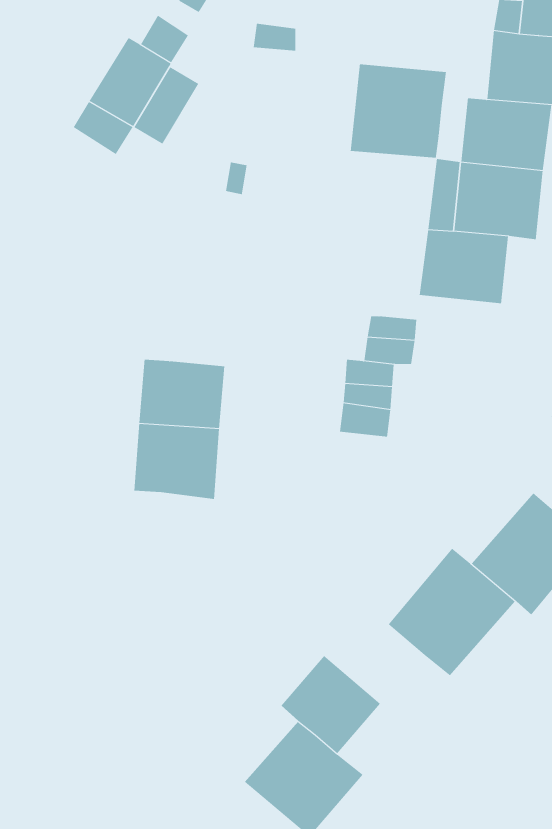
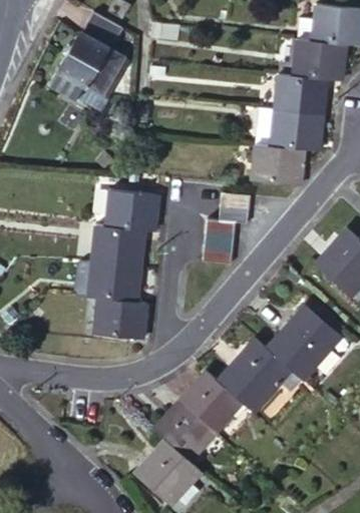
building: [350,63,447,158] -> none
building: none -> [104,191,156,227]
building: none -> [96,300,147,337]
building: none -> [194,366,252,422]

